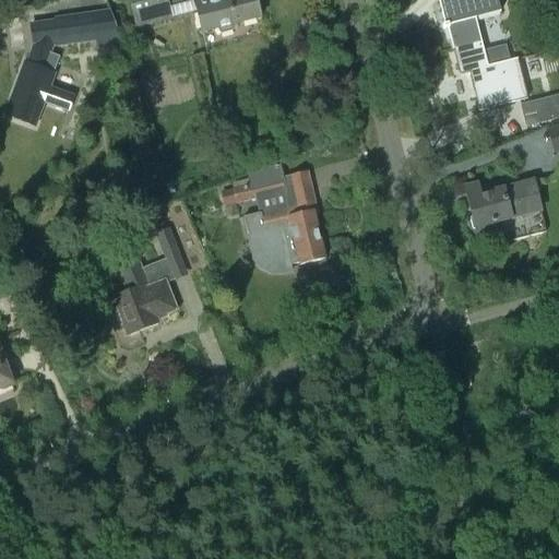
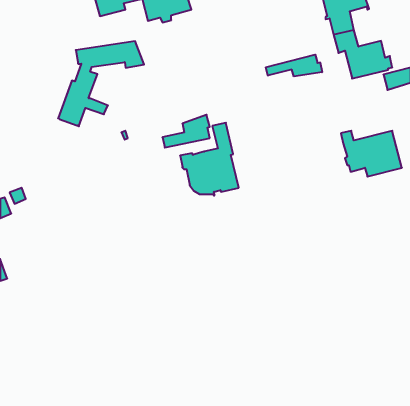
building: [7,8,123,123] -> [58,41,144,126]
building: none -> [266,55,322,76]
building: [112,229,188,336] -> none

